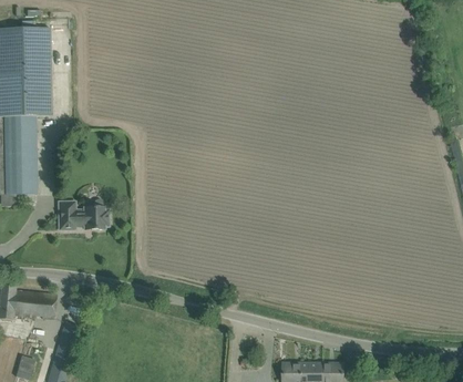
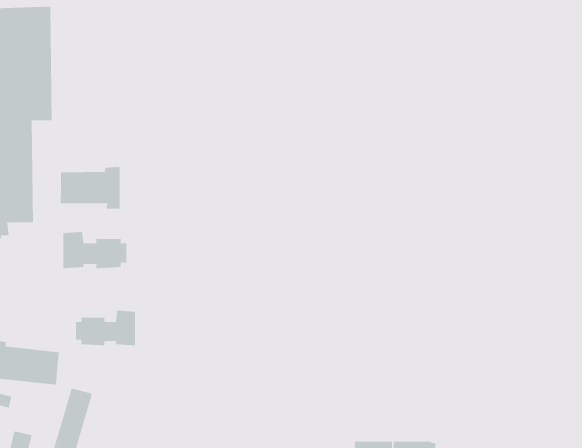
building: none -> [60,166,120,210]
building: none -> [76,310,136,346]

